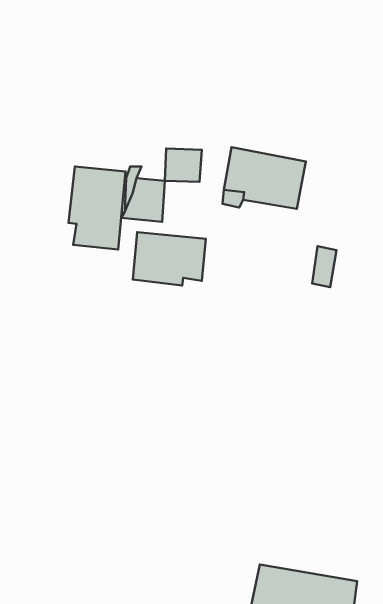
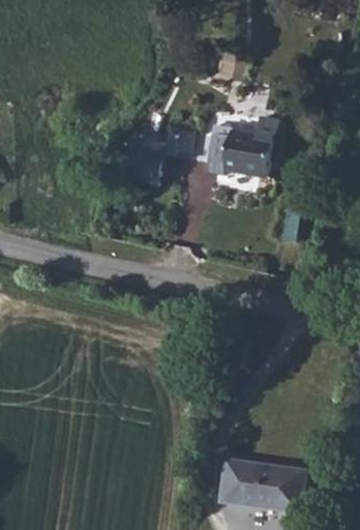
building: [68,167,125,250] -> none
building: [133,232,206,285] -> none

